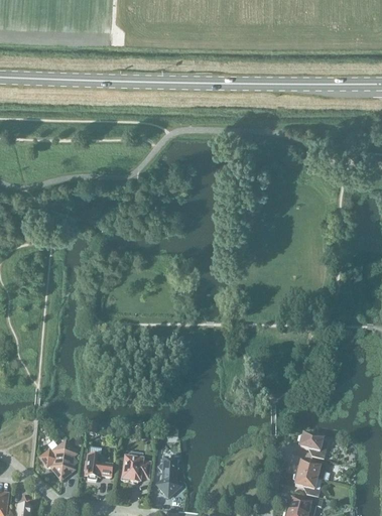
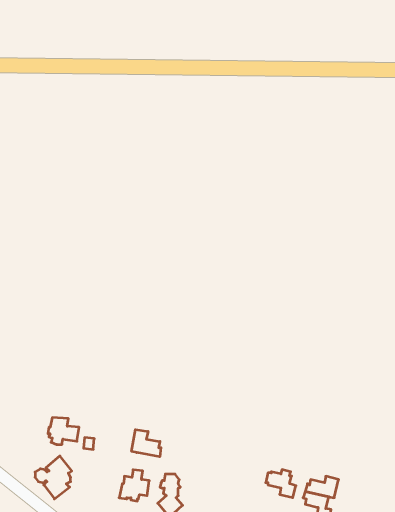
building: none -> [132,430,161,457]
building: [299,431,328,458] -> [266,470,296,498]
building: [85,454,114,479] -> [48,418,79,444]

